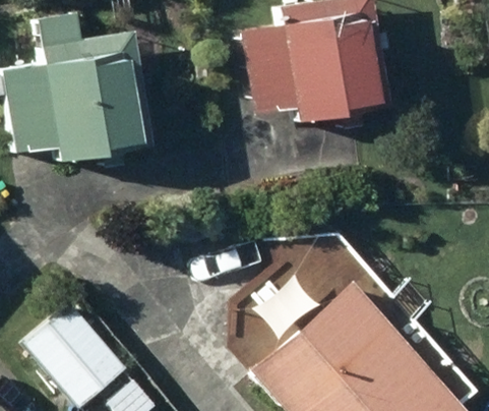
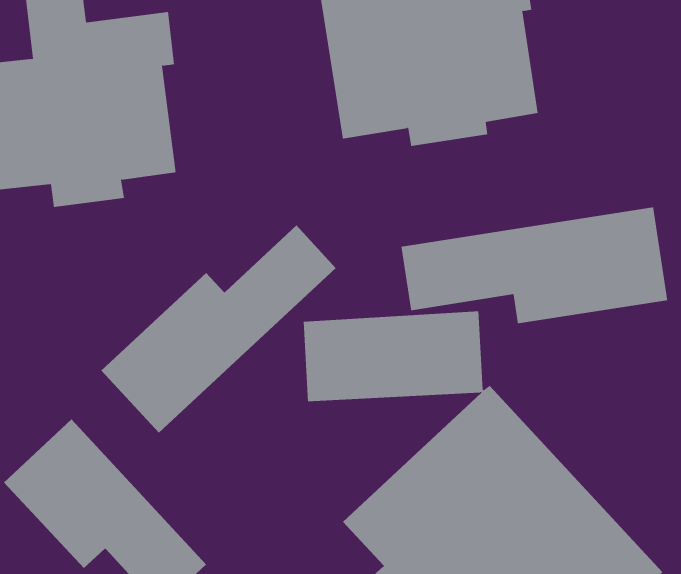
building: none -> [401,207,668,324]
building: none -> [100,224,337,434]

